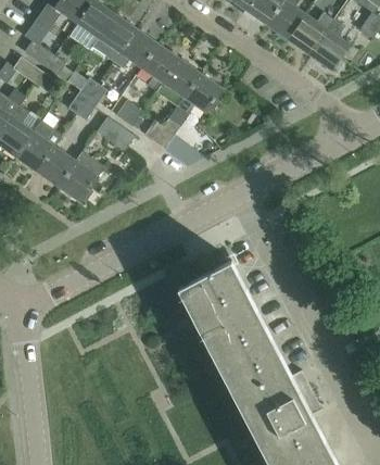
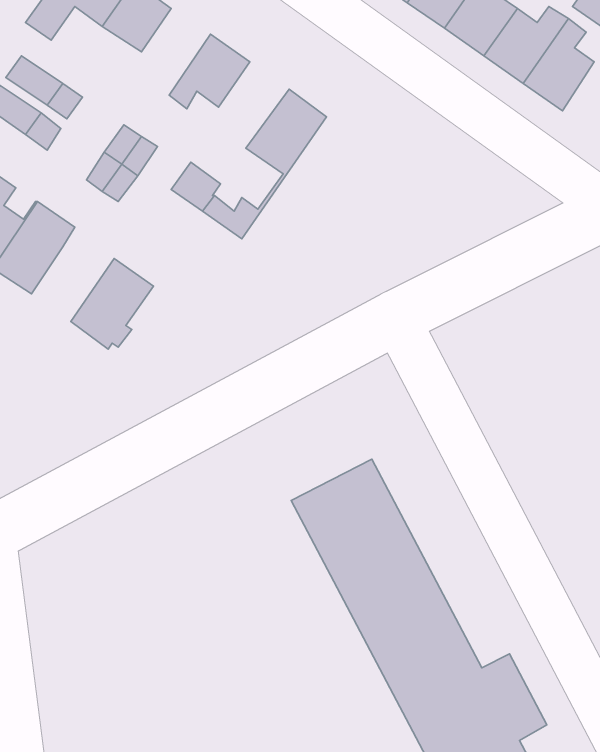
building: [91,13,136,61] -> none
building: [140,42,179,90] -> none
building: [153,73,221,164] -> none
building: [96,116,134,151] -> none
building: [37,144,83,186] -> none

